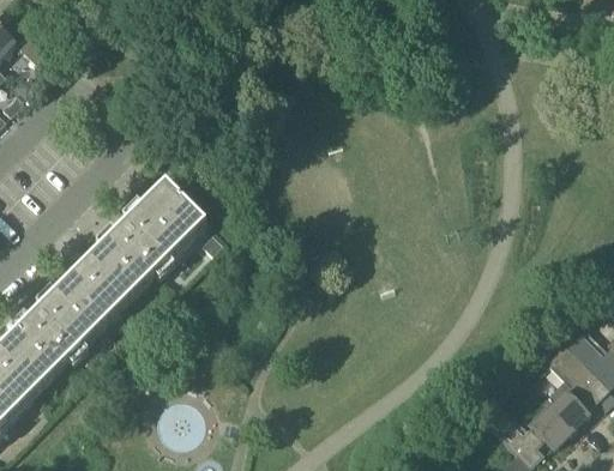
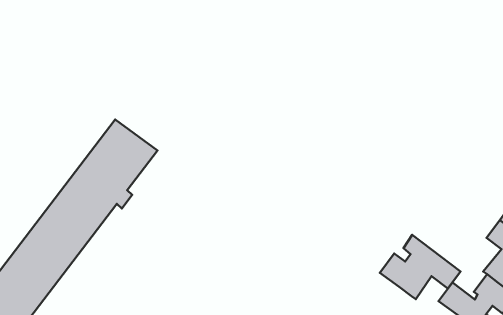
building: none -> [380,235,460,299]

